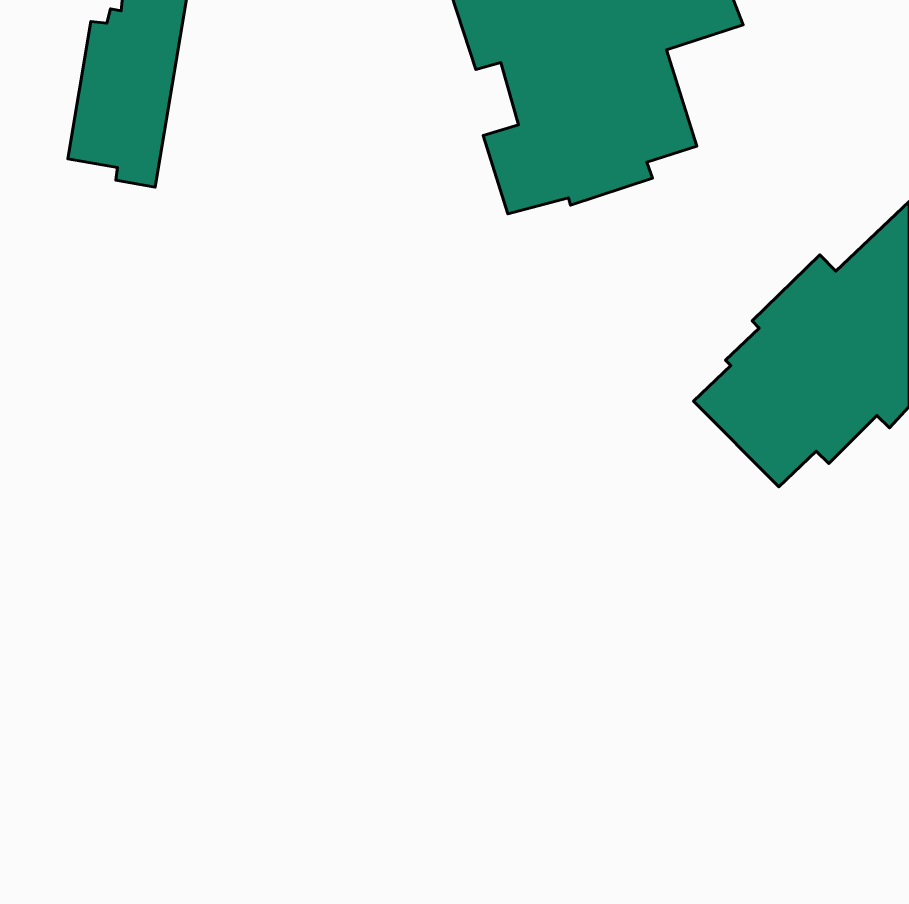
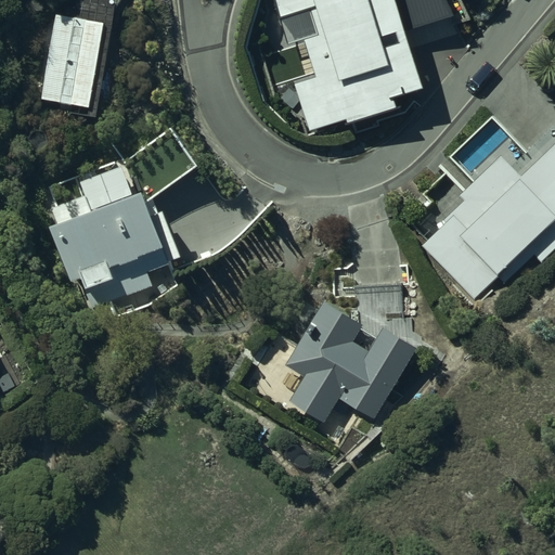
building: none -> [49,164,186,304]
building: none -> [285,301,418,422]

